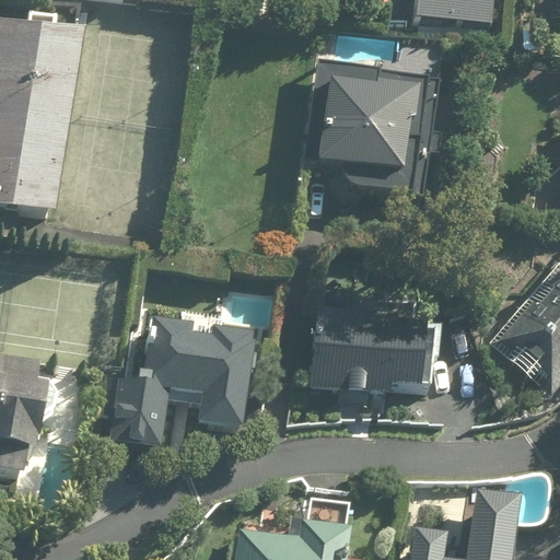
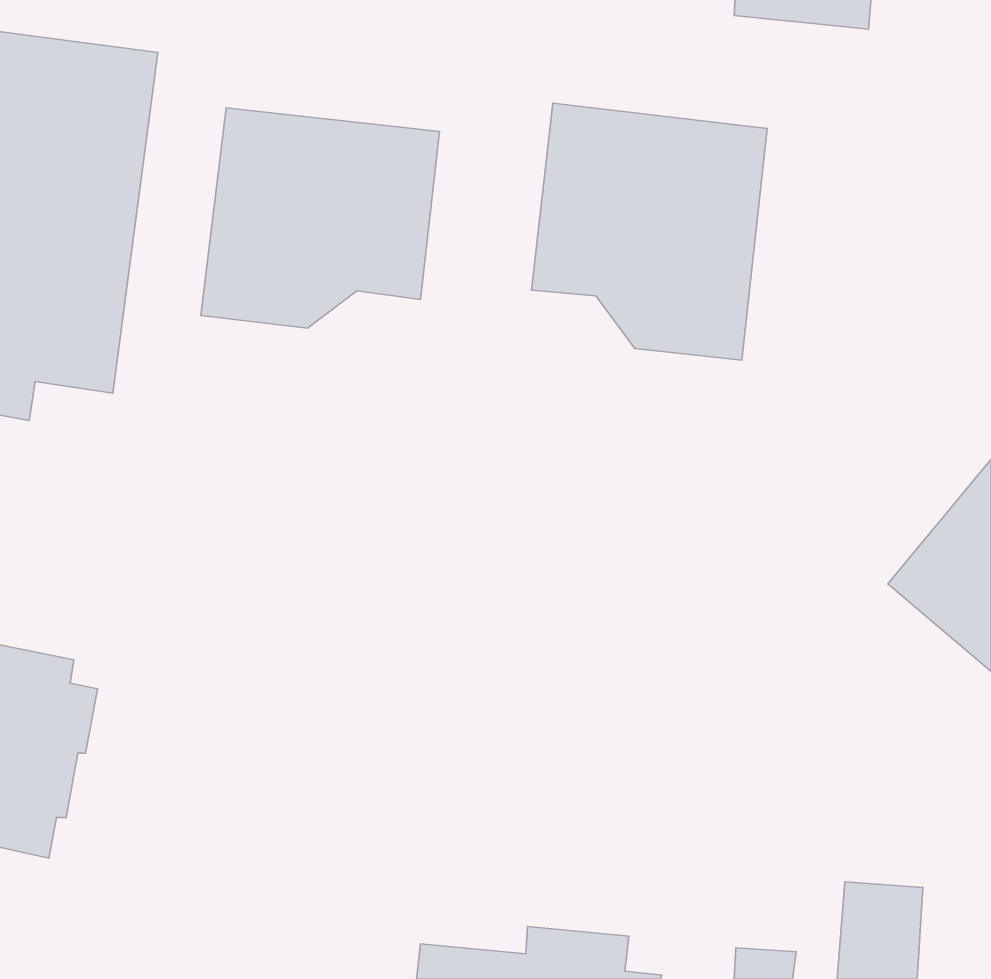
building: none -> [201,108,440,328]
building: [307,289,429,395] -> none
building: [107,320,255,445] -> none

